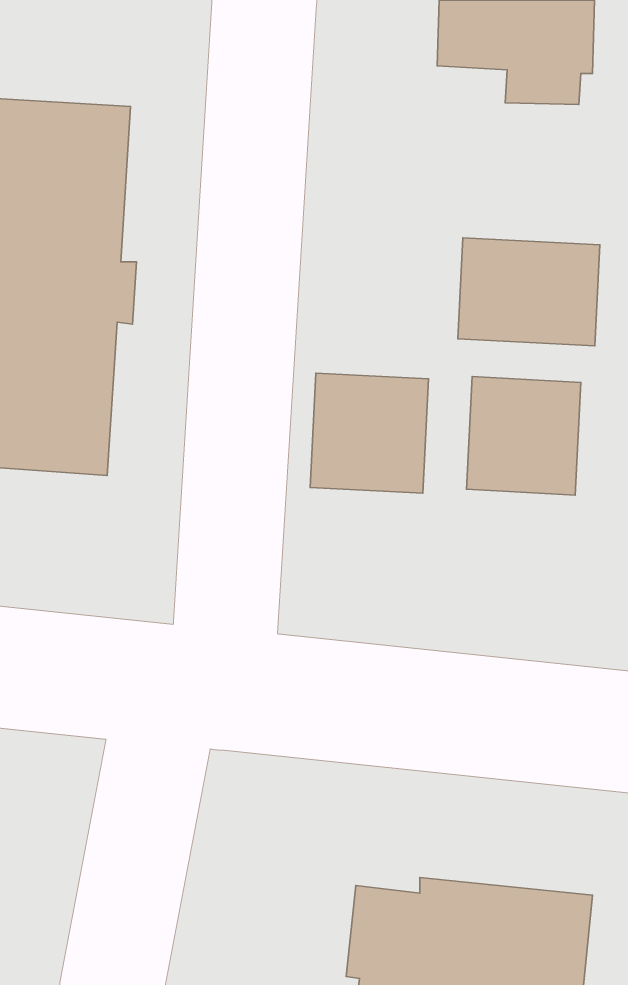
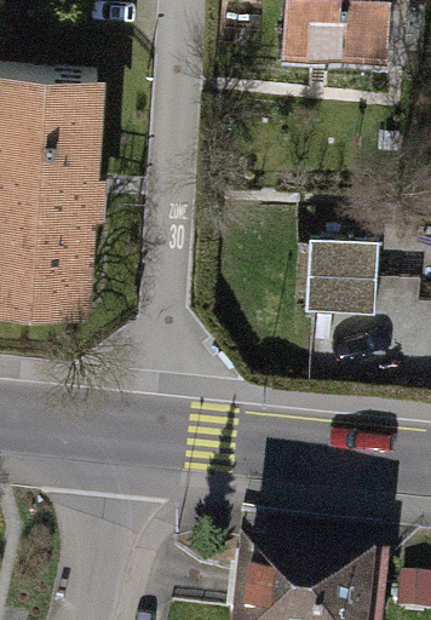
building: [458,238,600,346] -> none
building: [310,373,429,493] -> none

